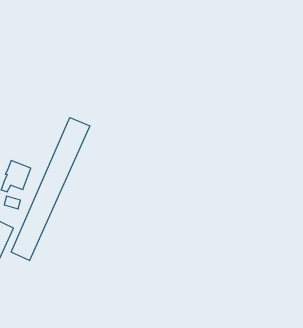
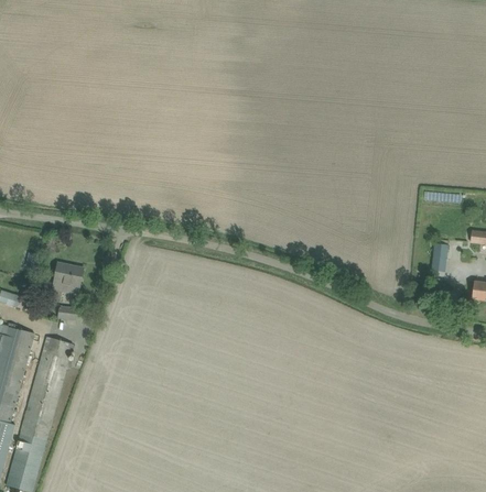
building: [11,118,90,261] -> none

